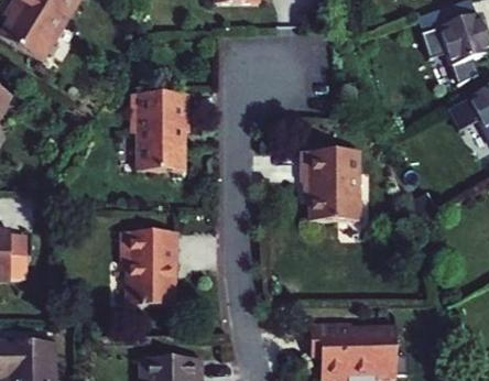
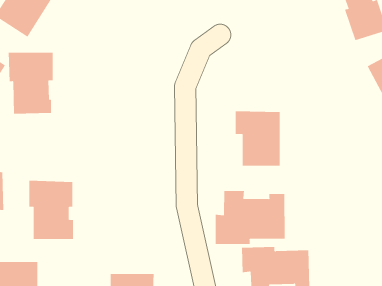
building: [131,92,188,171] -> [8,52,53,114]
building: [121,230,178,305] -> [28,180,74,240]
building: none -> [215,190,285,245]

